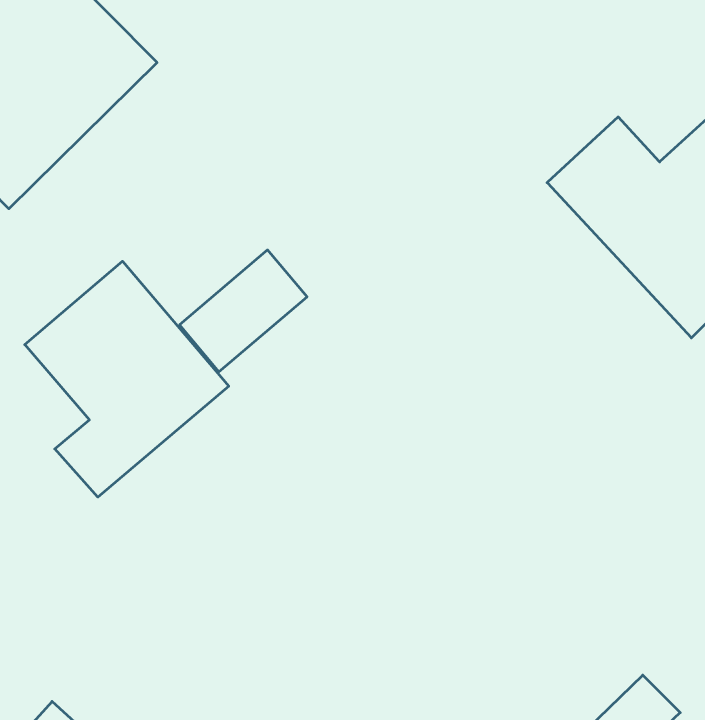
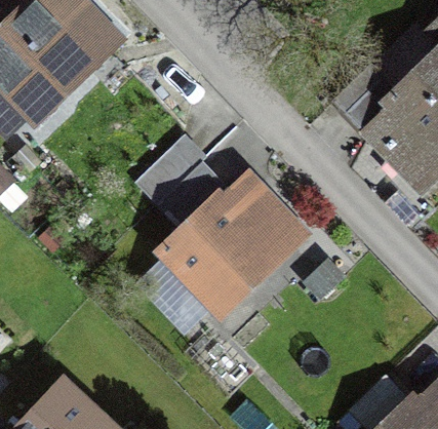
building: [25,261,229,497] -> none
building: none -> [169,178,305,310]

